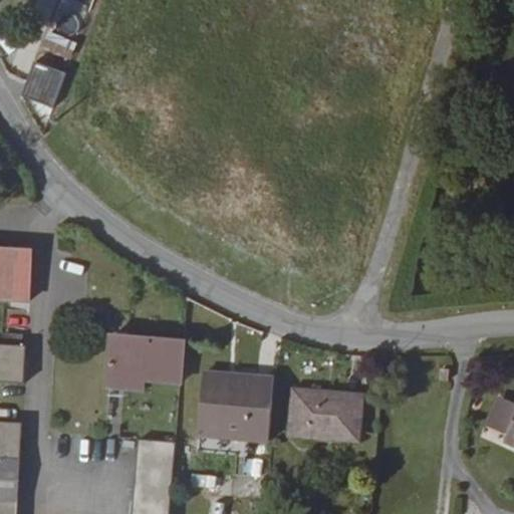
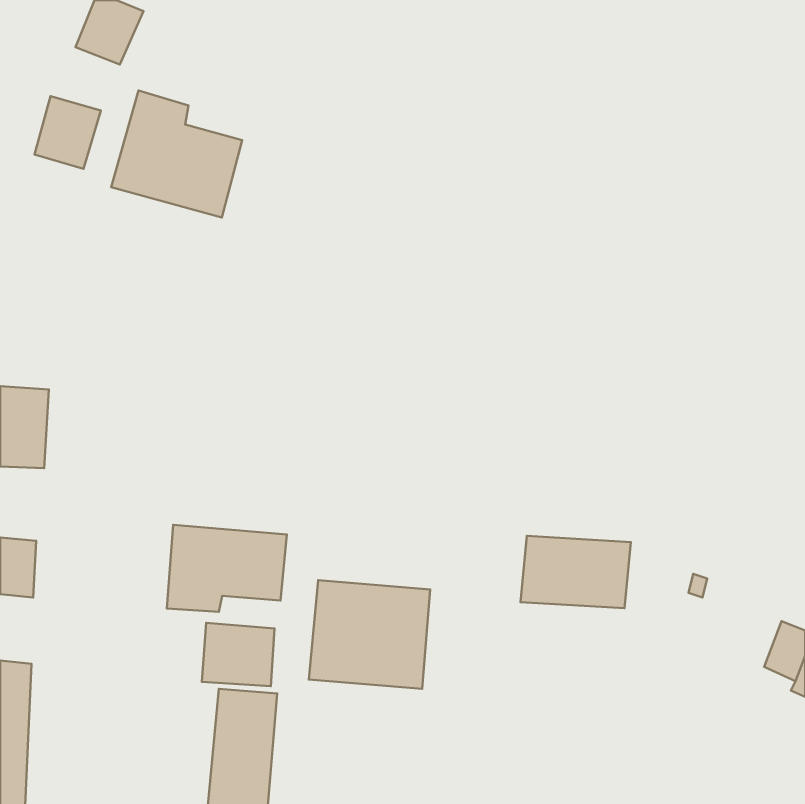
building: none -> [111,90,242,217]
building: [292,392,362,438] -> [521,536,631,608]
building: none -> [202,623,275,686]

